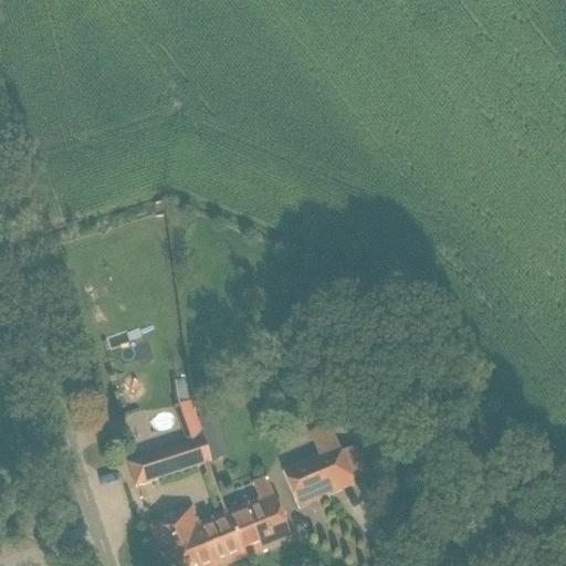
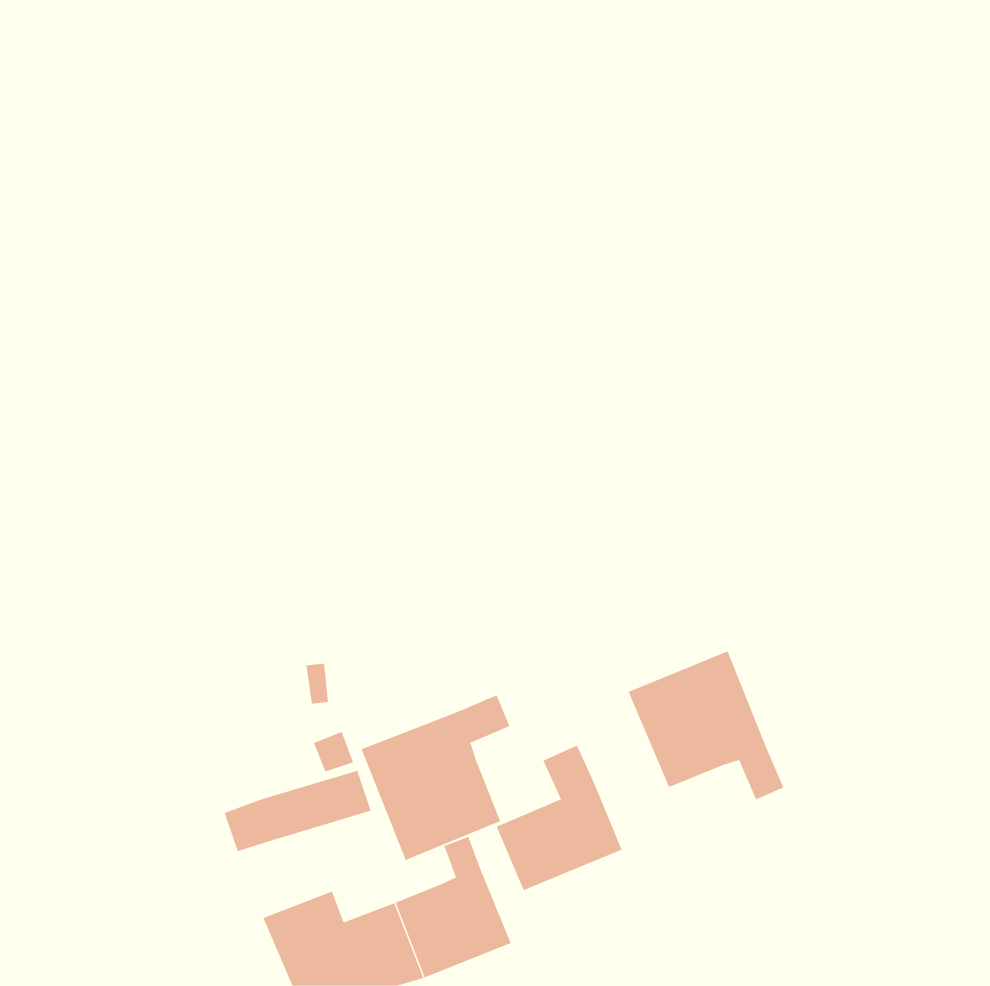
building: none -> [628,650,784,800]
building: none -> [361,695,510,861]

